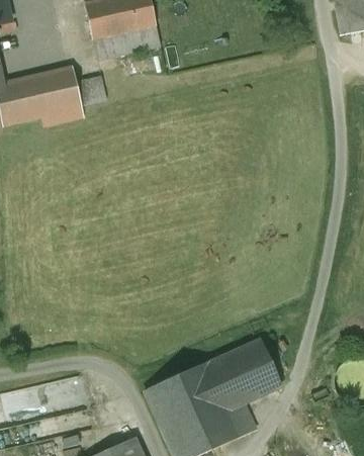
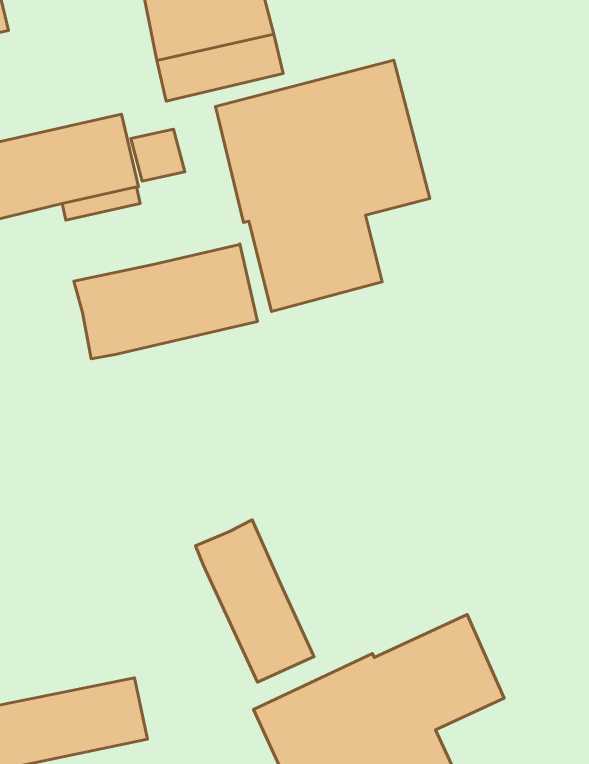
building: none -> [215,60,430,311]
building: none -> [74,244,257,359]
building: none -> [195,520,314,682]

